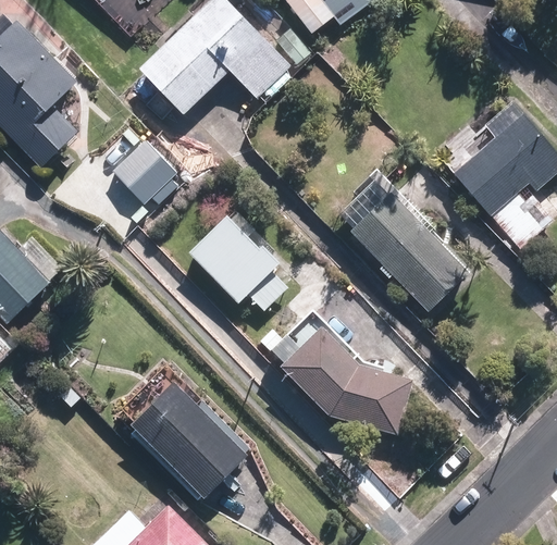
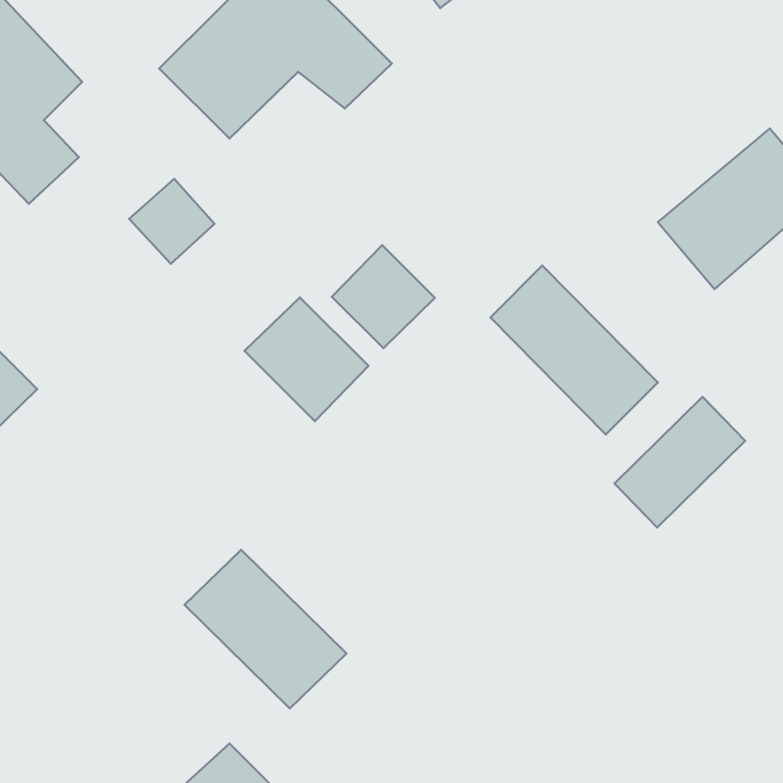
building: none -> [332,245,435,348]
building: none -> [614,397,745,528]
building: [278,336,403,431] -> none

